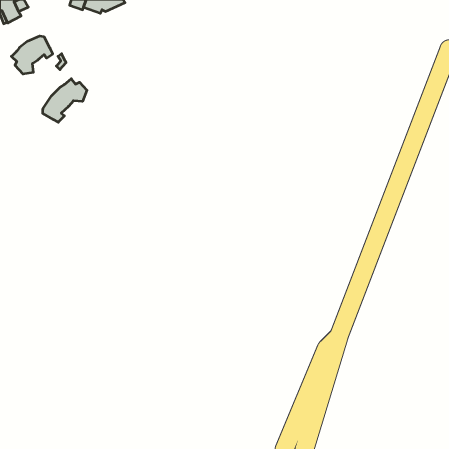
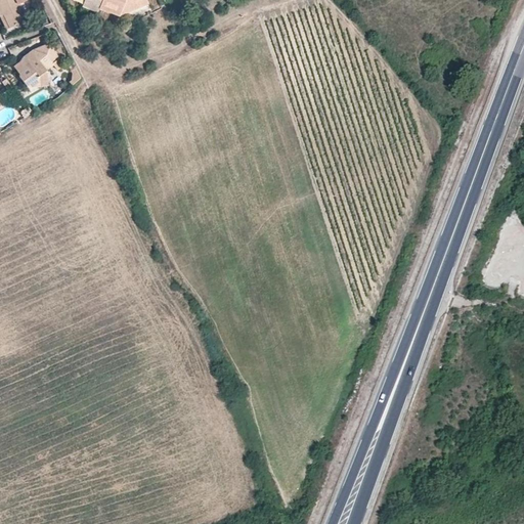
building: [43,79,87,122] -> none

